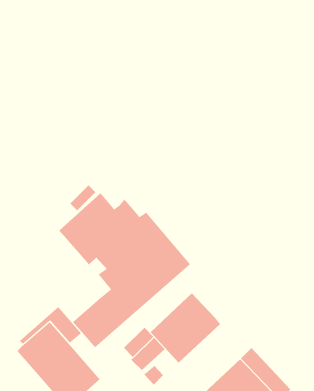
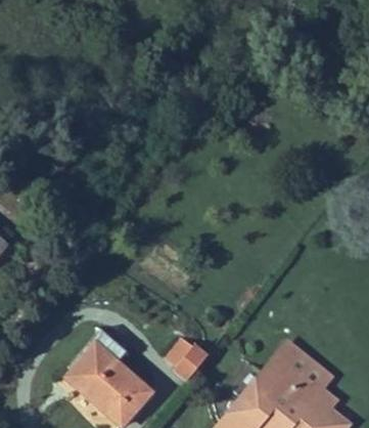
building: [59,192,191,348] -> none
building: [150,293,221,364] -> none

